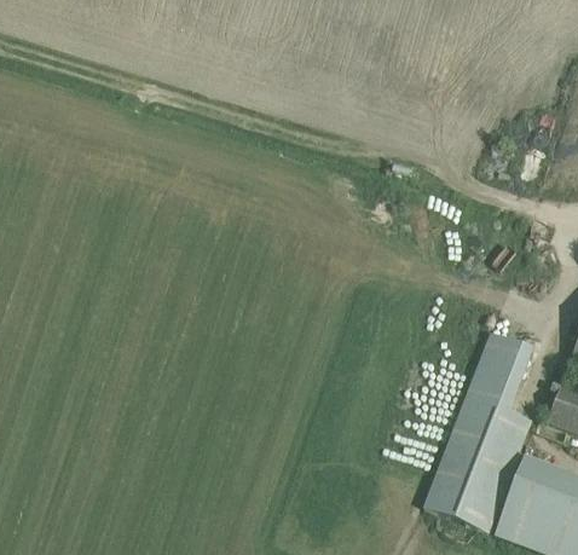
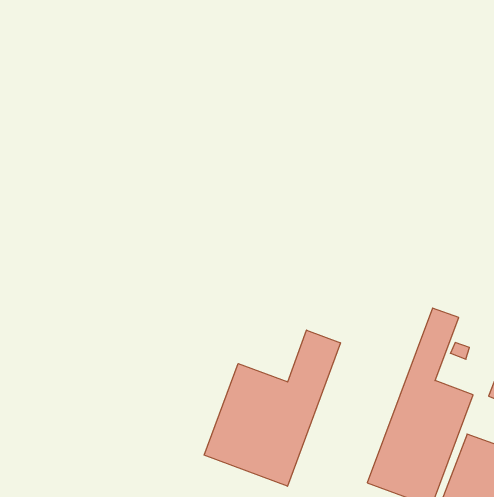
building: none -> [204,330,340,486]

